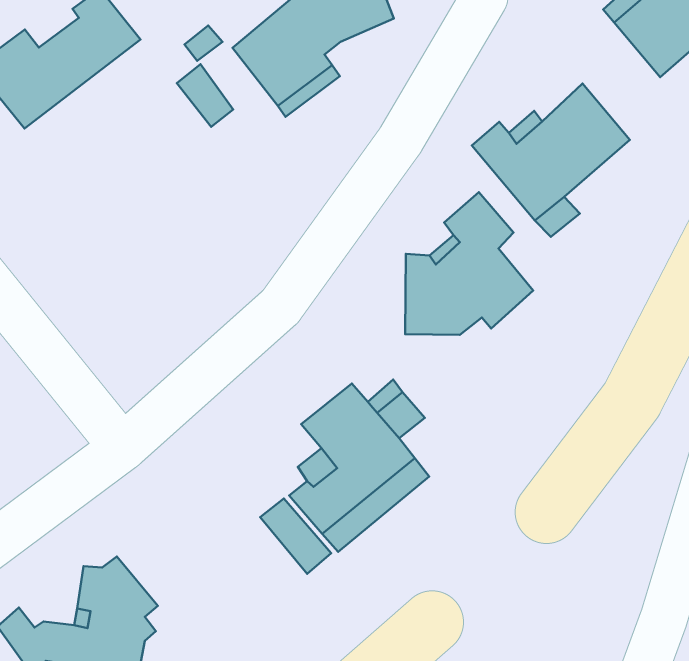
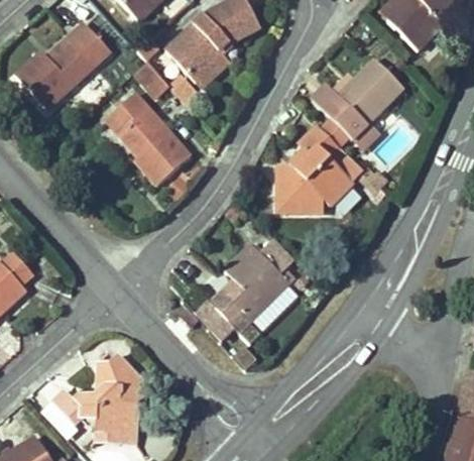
building: none -> [107,92,189,184]

